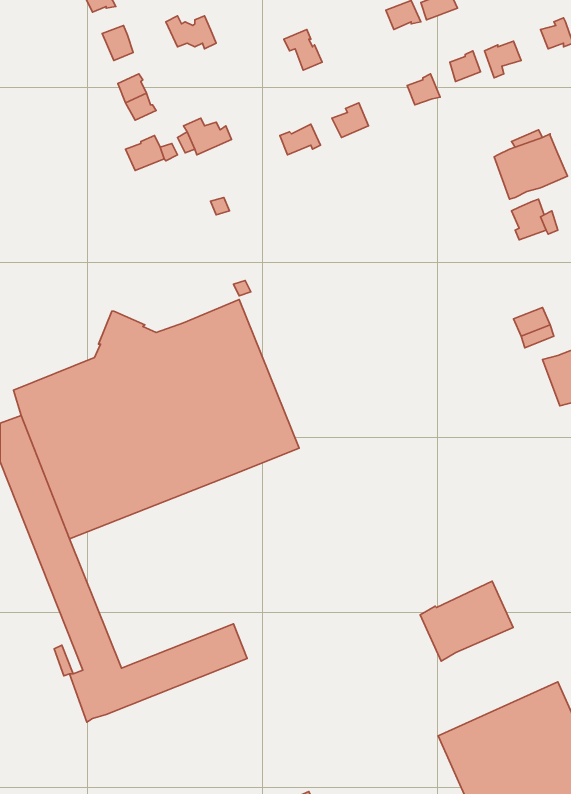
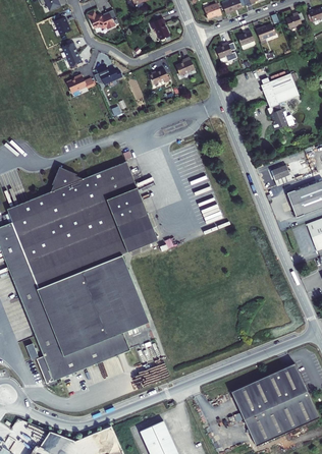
building: none -> [37,253,149,355]
building: [420,581,513,661] -> none

